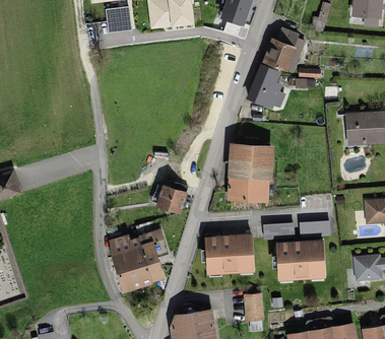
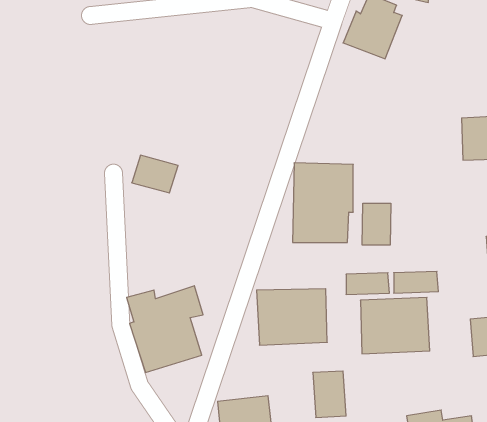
building: [247,67,279,107] -> none
building: none -> [362,203,391,245]
building: [154,187,187,213] -> [132,155,178,193]

